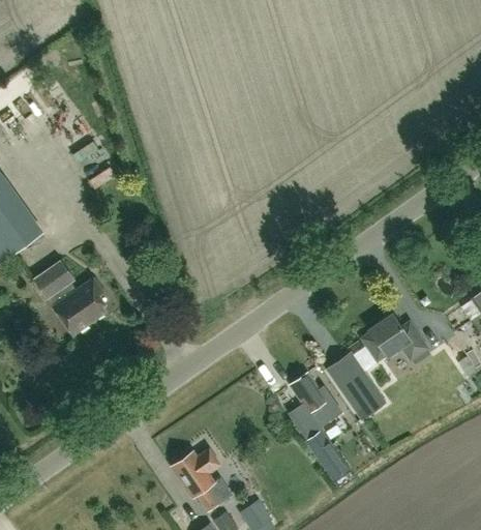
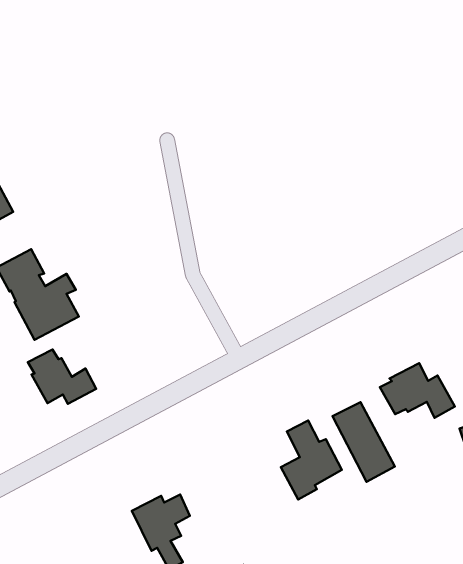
building: none -> [28,349,96,404]
building: [304,430,350,481] -> none

